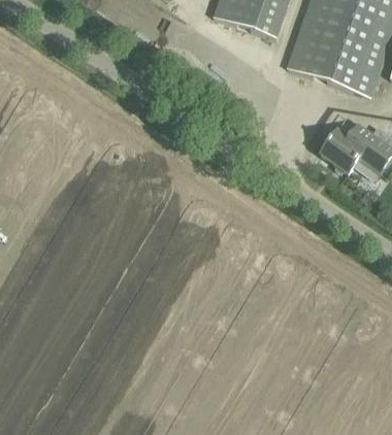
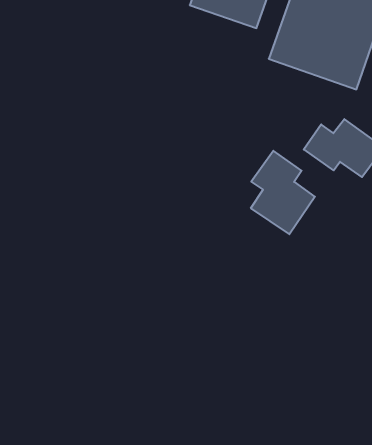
building: none -> [251,151,315,234]

